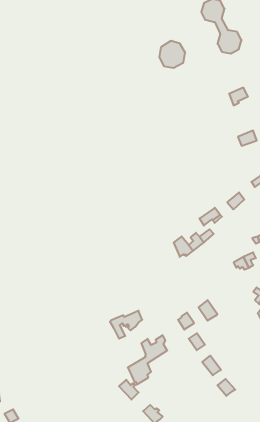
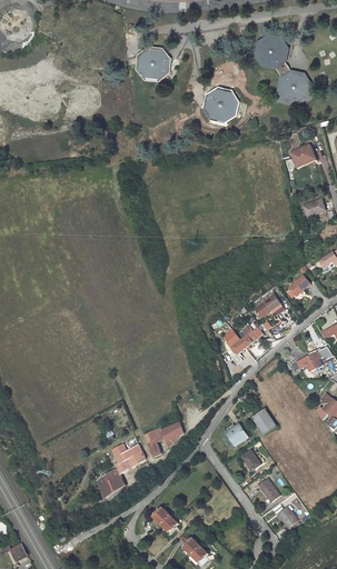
building: none -> [138,48,168,79]
building: [128,335,167,385] -> [96,439,145,500]

